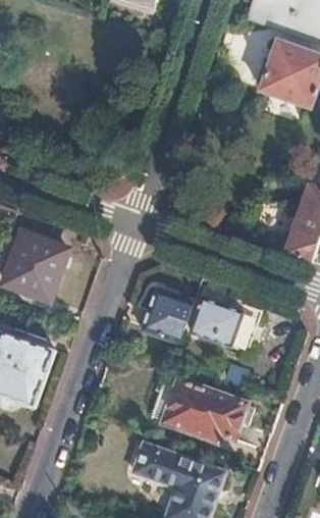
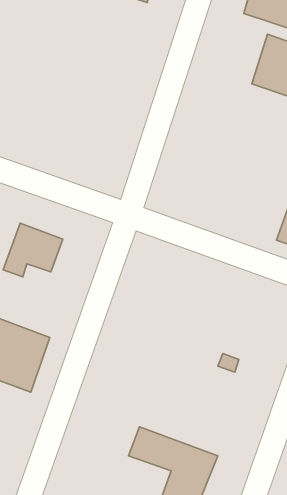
building: [140,287,194,342] -> none
building: [191,297,241,342] -> none
building: [162,376,254,438] -> none

